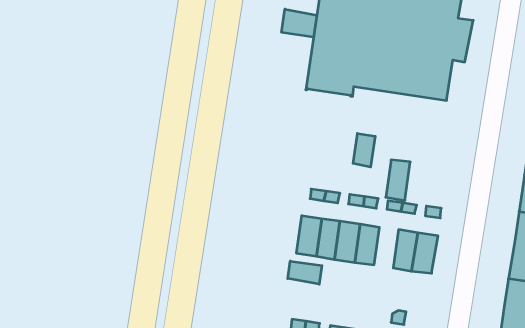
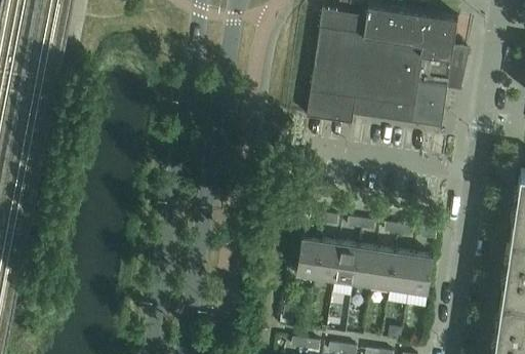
building: [282,9,317,37] -> none
building: [353,133,375,167] -> none
building: [386,160,410,200] -> [372,249,396,288]
building: [288,261,322,284] -> none

